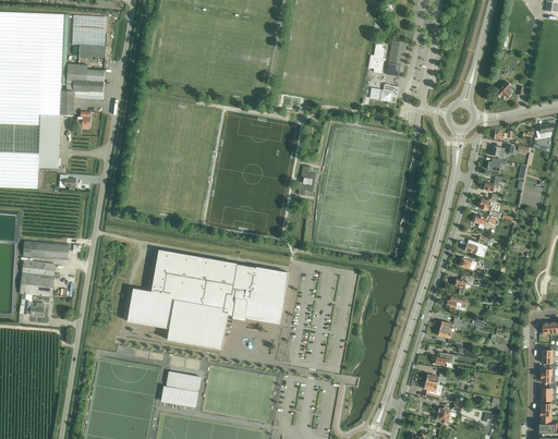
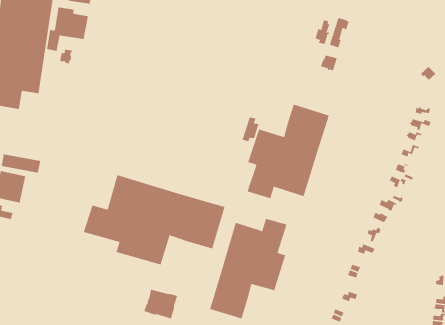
building: none -> [247,103,330,199]
building: none -> [209,218,287,320]
building: [162,373,201,405] -> [143,289,178,320]

